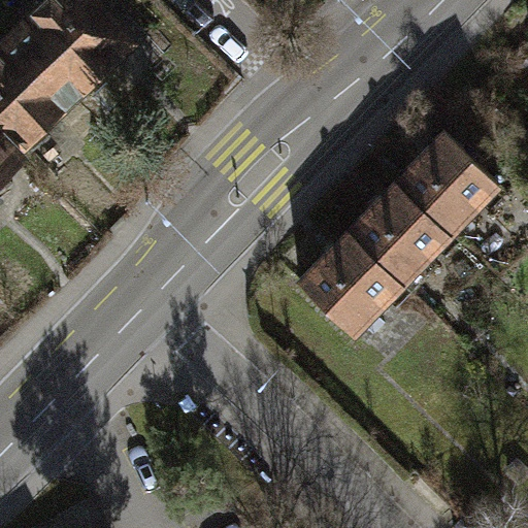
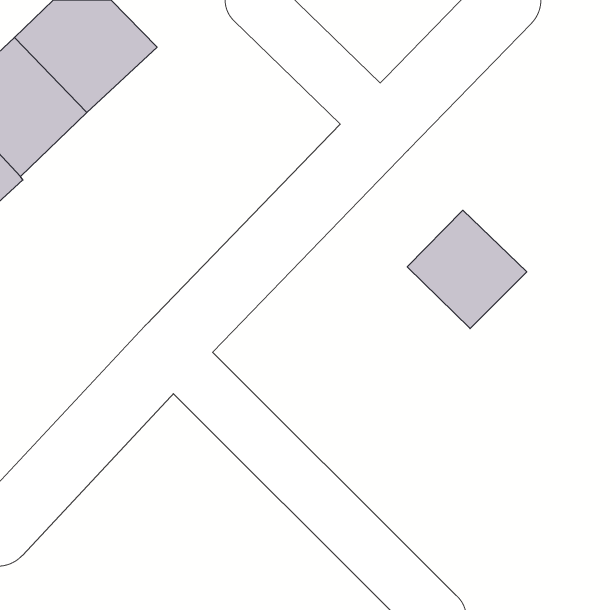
building: [395,135,498,238] -> none
building: [297,234,401,337] -> none

